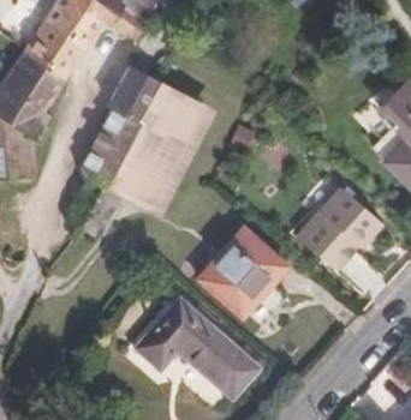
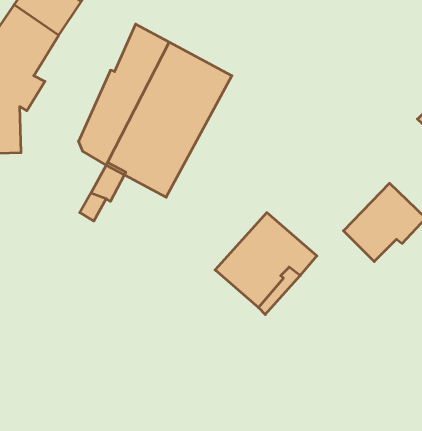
building: [136,299,260,400] -> none

